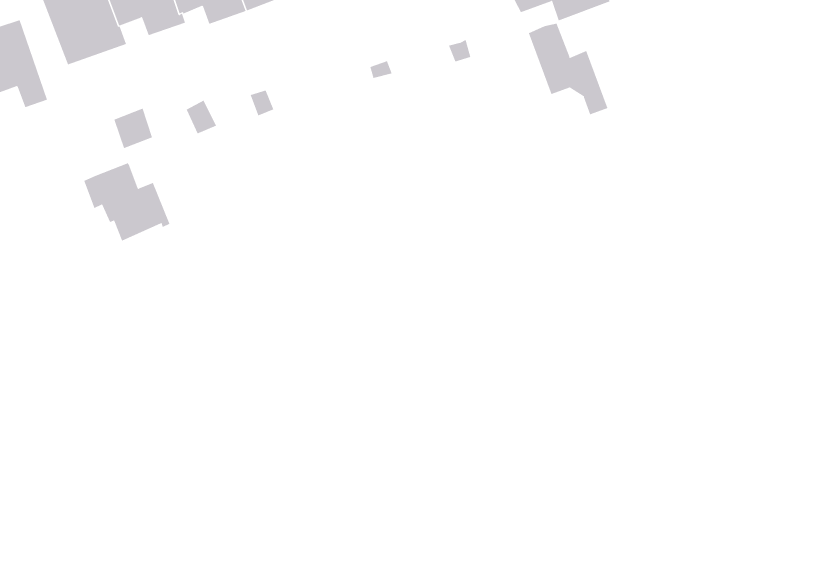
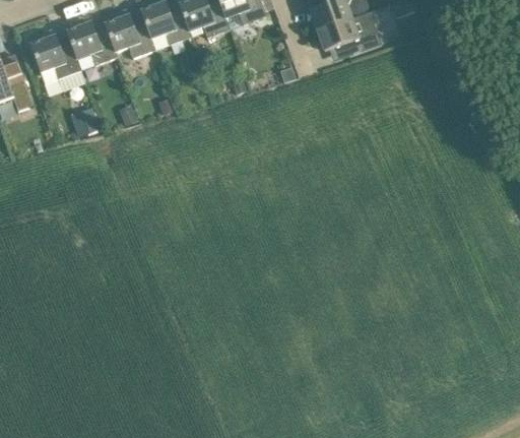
building: [528,23,608,115] -> none
building: [84,163,170,241] -> none

